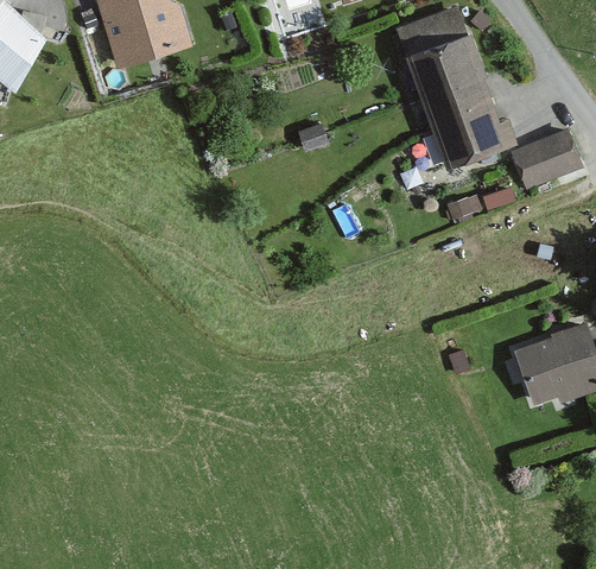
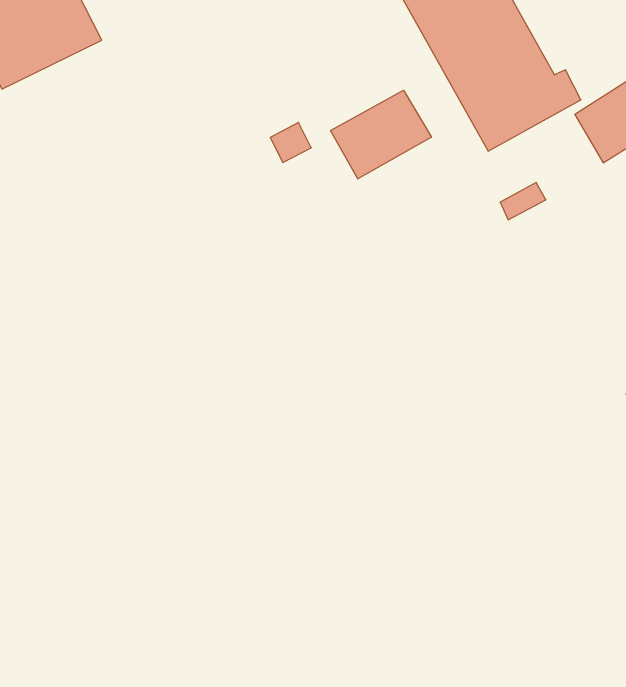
building: none -> [331,90,431,179]

